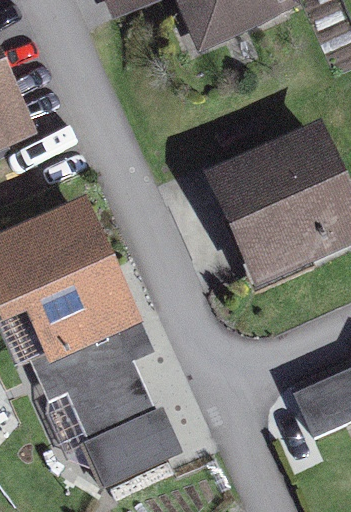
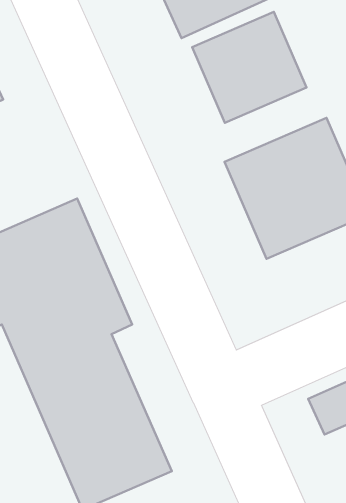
building: none -> [192,12,306,123]

